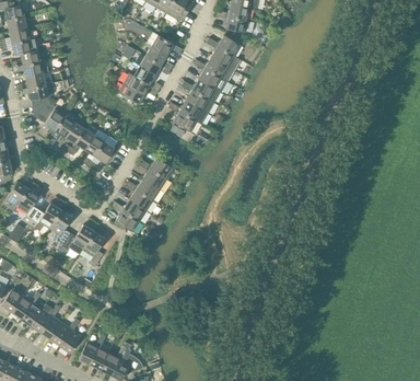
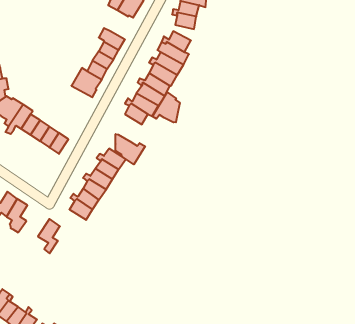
building: none -> [153,92,180,122]
building: none -> [116,134,145,164]
building: [58,224,94,256] -> none

